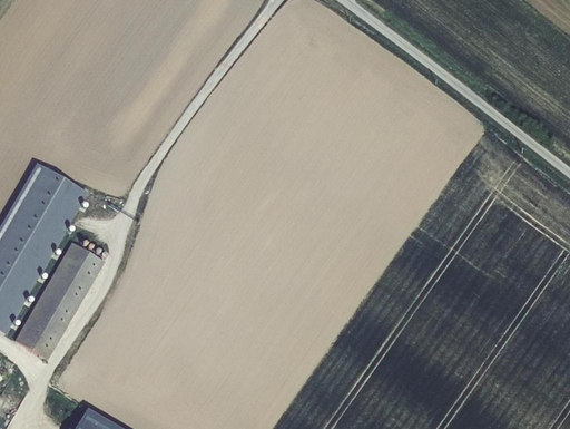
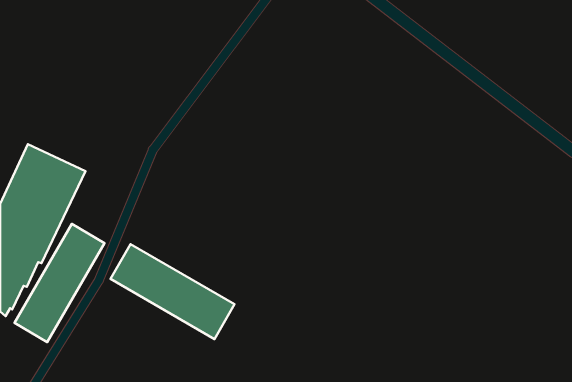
building: none -> [111,244,235,339]

